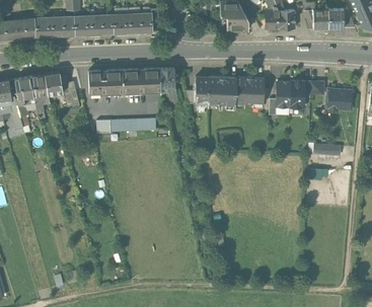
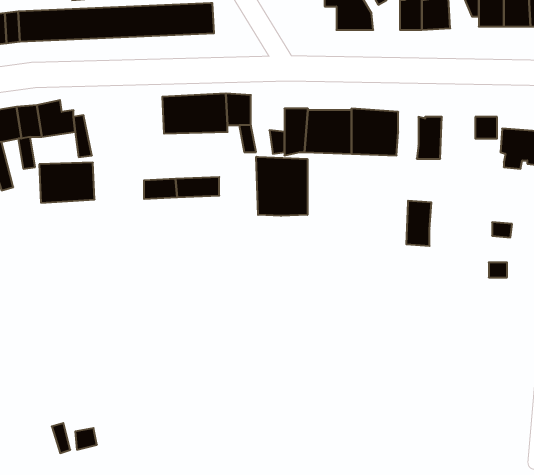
building: [89,70,123,94] -> [39,163,95,203]
building: [290,81,305,108] -> [406,201,431,246]
building: none -> [256,157,307,216]

